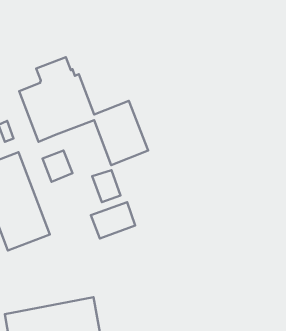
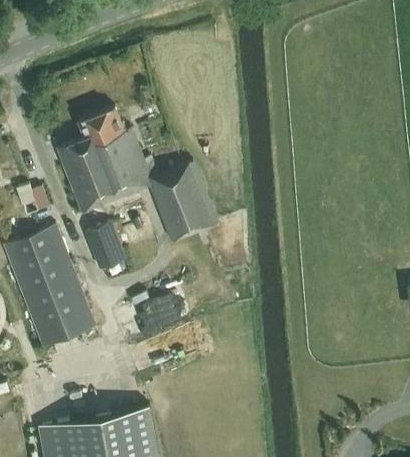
building: [92,170,120,202] -> none

